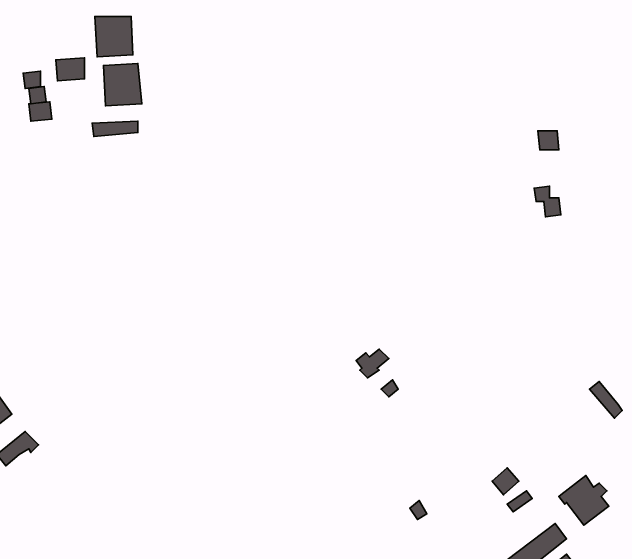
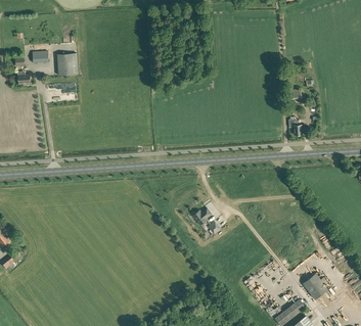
building: [95,16,133,57] -> none

